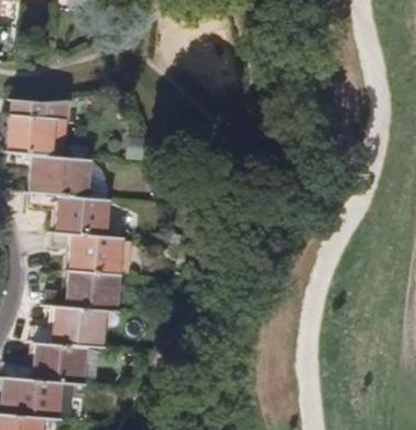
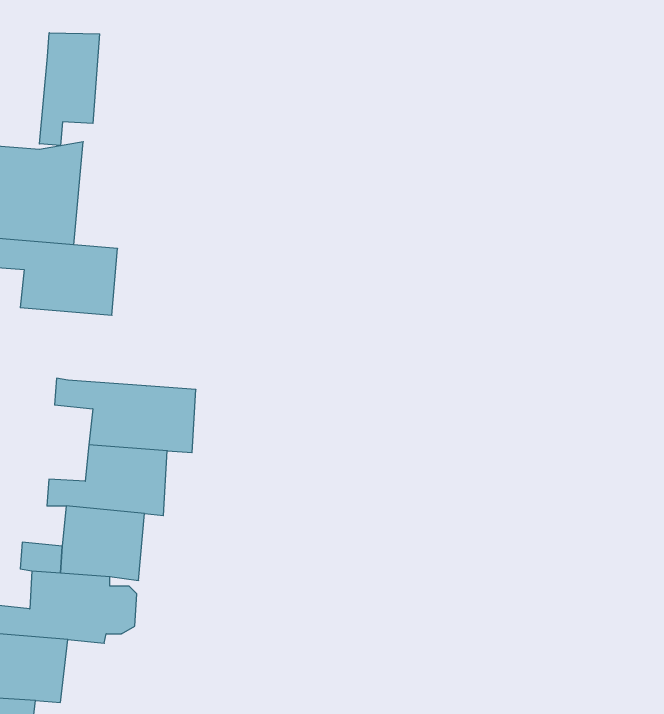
building: none -> [39,33,100,146]
building: [28,193,106,237] -> none

